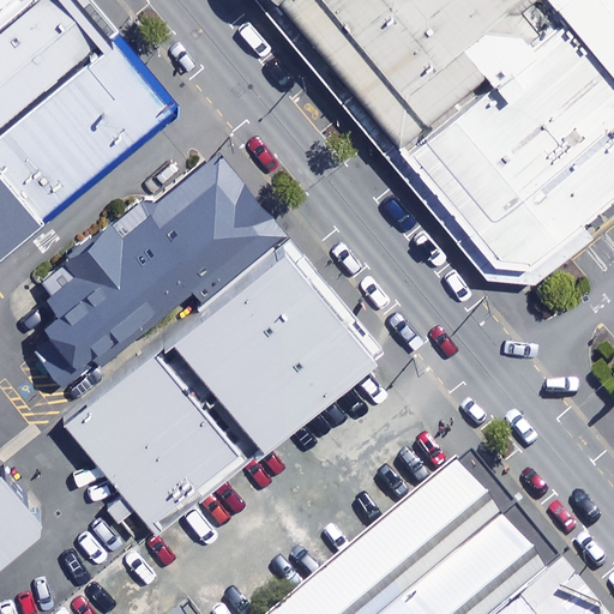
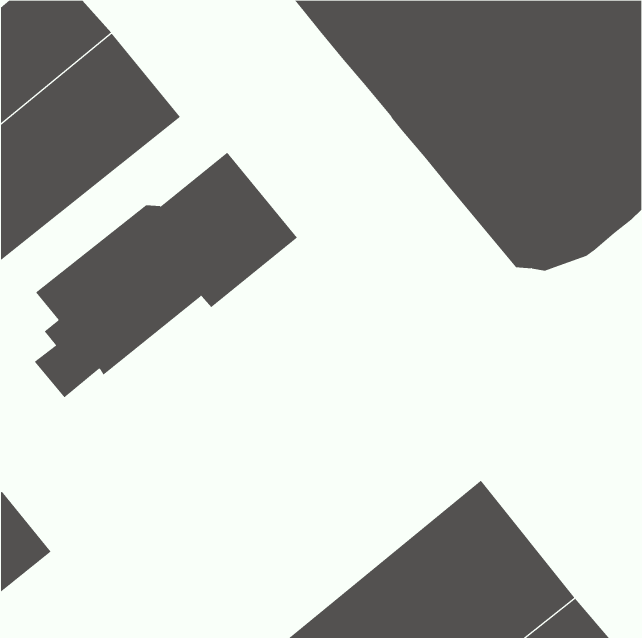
building: [167,235,379,446] -> none
building: [59,366,240,547] -> none

